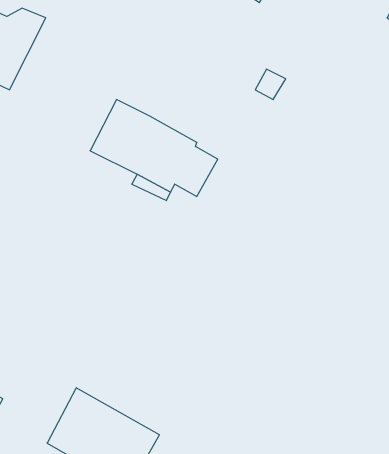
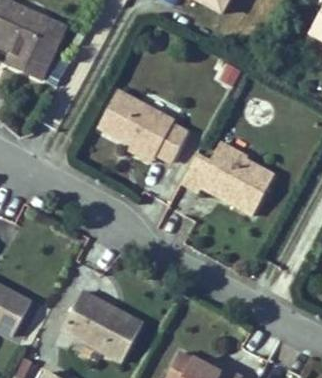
building: none -> [183,133,279,208]

